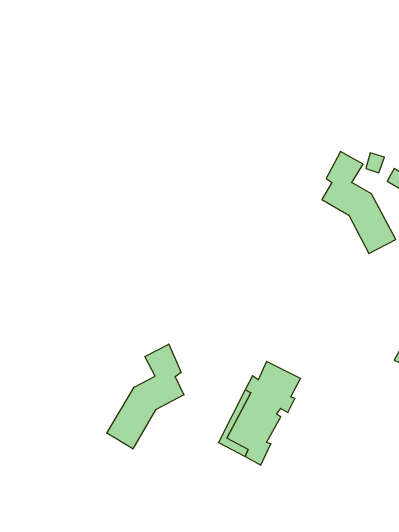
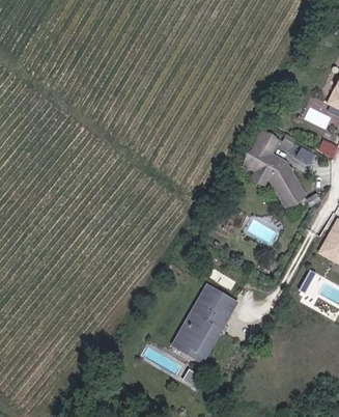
building: [107,344,184,449] -> none

